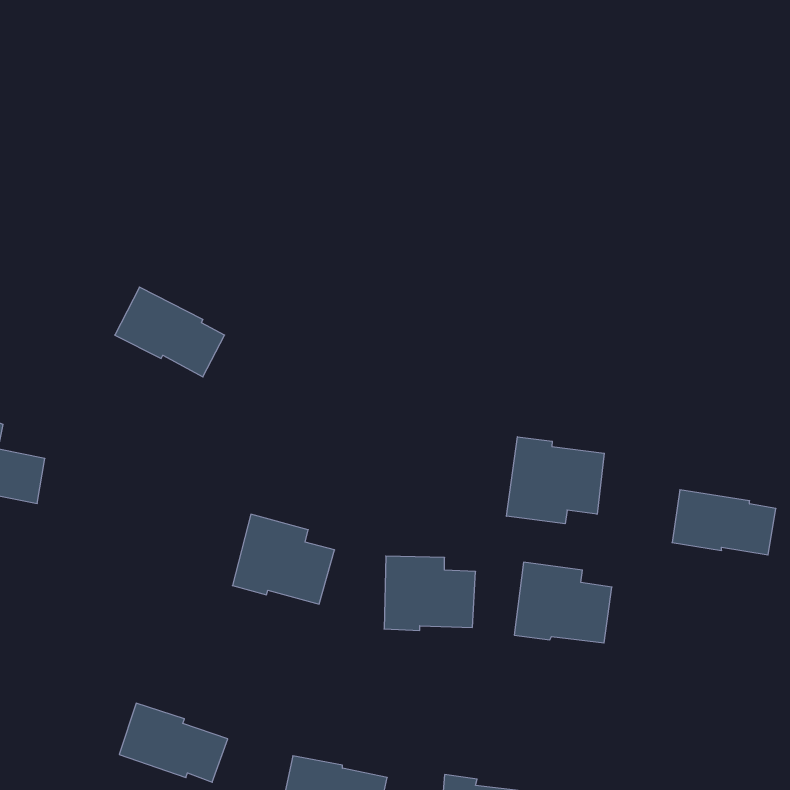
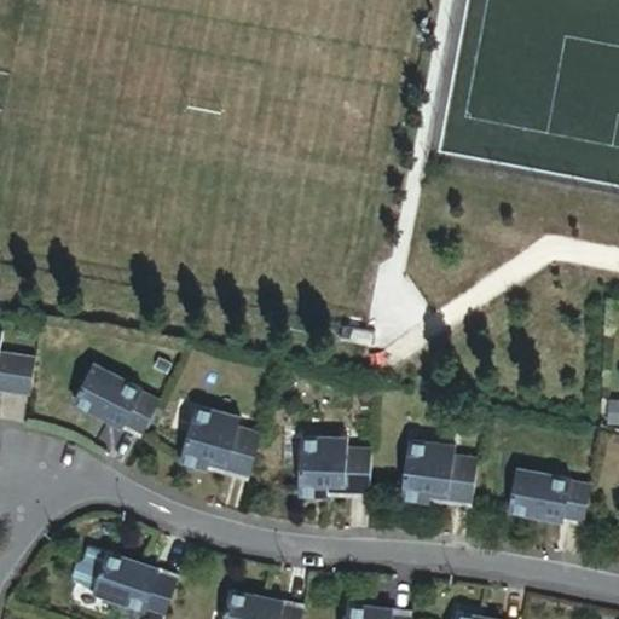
building: [115,287,225,377] -> [73,363,158,433]
building: [506,437,604,524] -> none
building: [672,490,776,555] -> [508,472,589,522]

